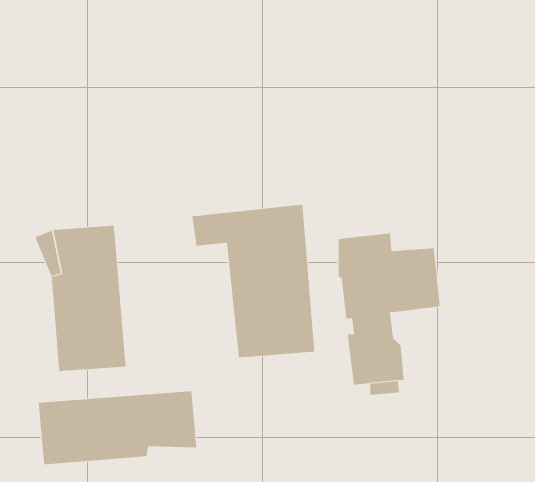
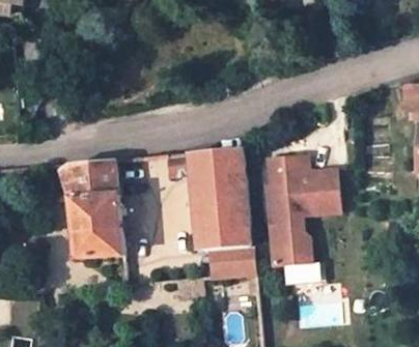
building: none -> [211,247,255,279]
building: [38,391,197,465] -> none

